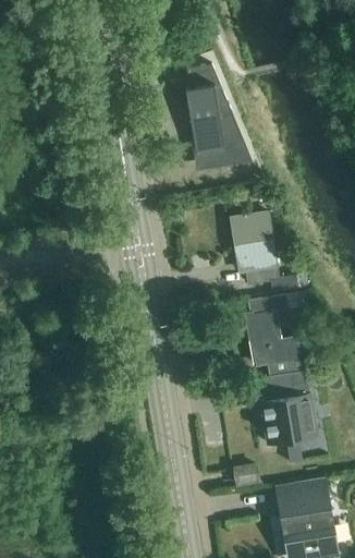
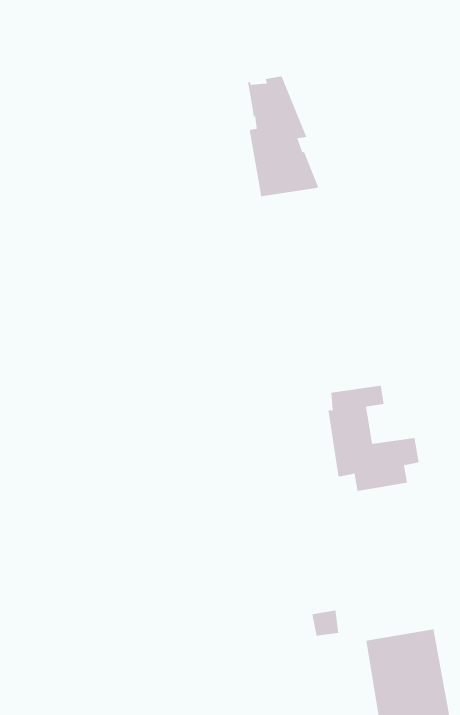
building: [232,215,298,299] -> none
building: [261,386,317,446] -> none

